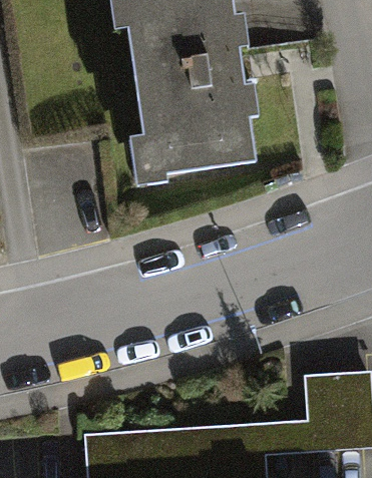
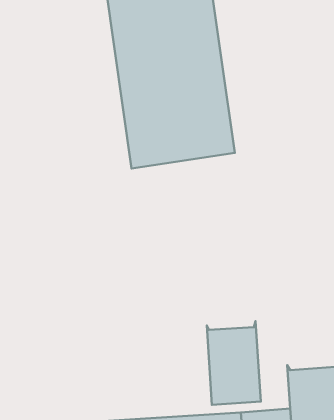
building: none -> [207,321,261,405]

